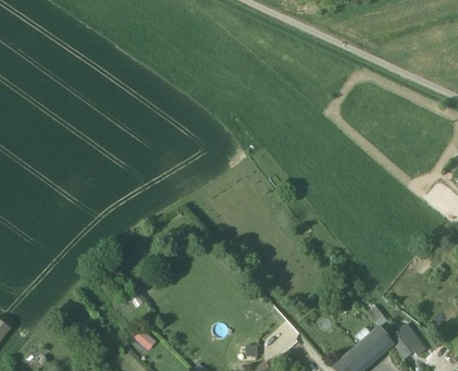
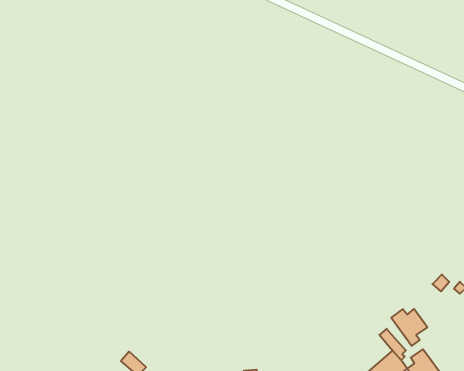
building: none -> [391,309,427,346]

